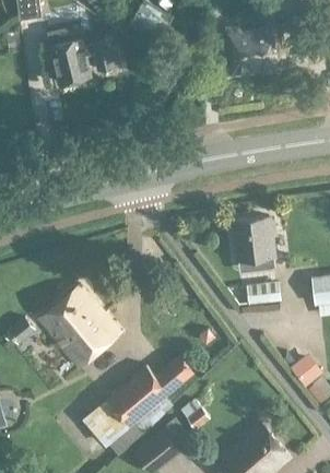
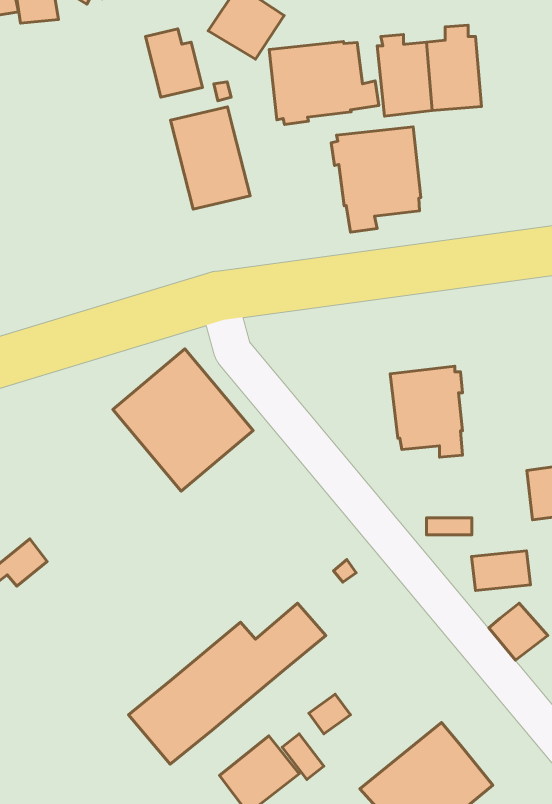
building: [46,25,92,84] -> [171,107,250,209]
building: none -> [269,41,379,124]
building: none -> [331,127,421,232]
building: [246,282,280,305] -> [472,551,530,591]
building: [39,286,120,368] -> [113,349,253,491]

